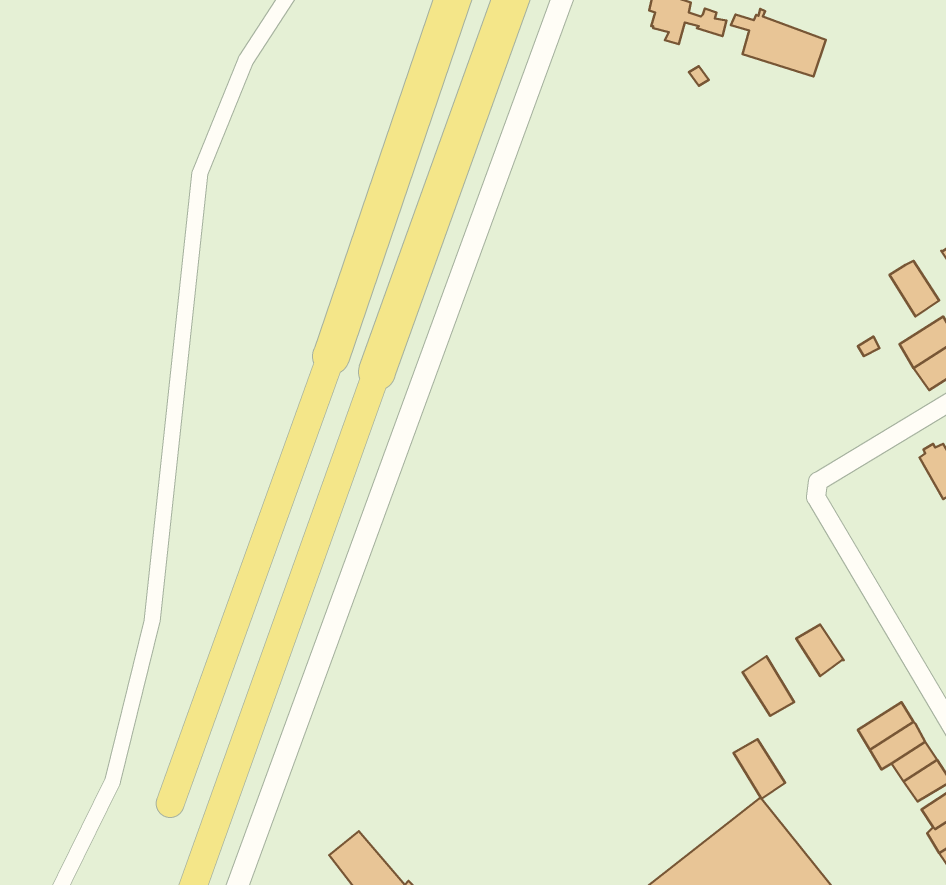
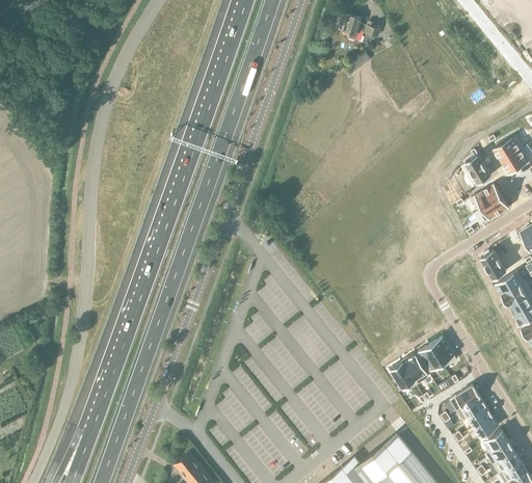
building: [731,9,826,77] -> none
building: none -> [430,337,456,368]
building: [734,739,785,799] -> [402,354,429,385]

